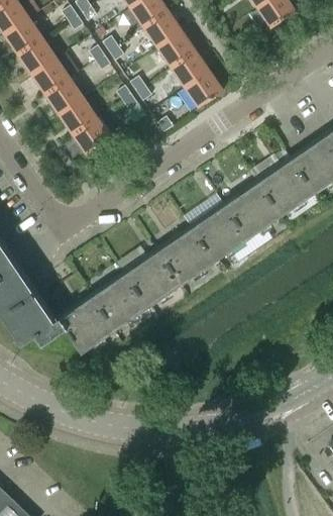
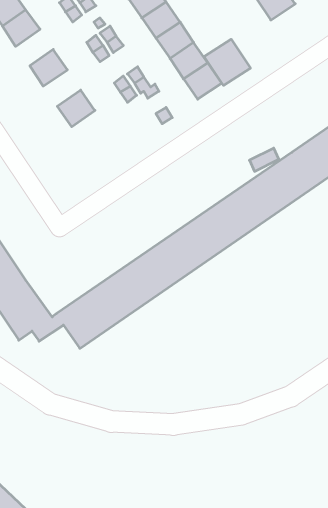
building: [17,36,54,73] -> none
building: none -> [204,39,250,85]
building: [44,77,82,113] -> none
building: [73,117,110,153] -> none

